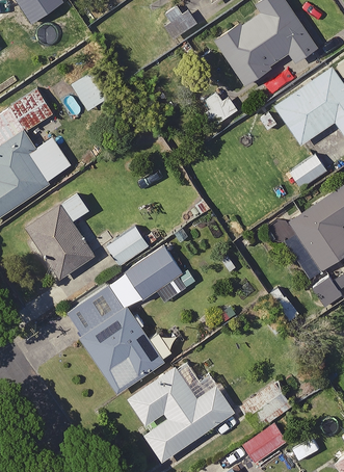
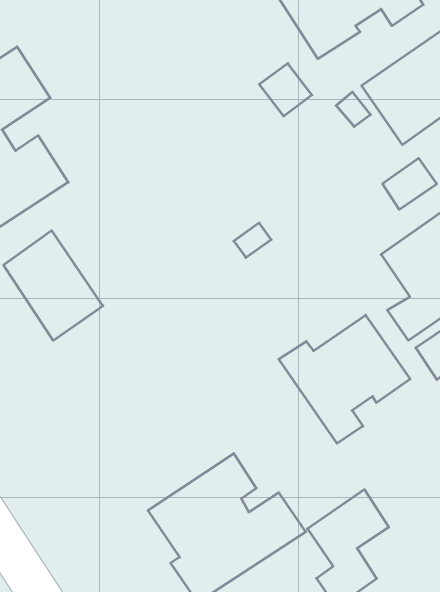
building: [108,227,151,268] -> none
building: [65,246,194,393] -> none
building: none -> [279,315,410,443]

